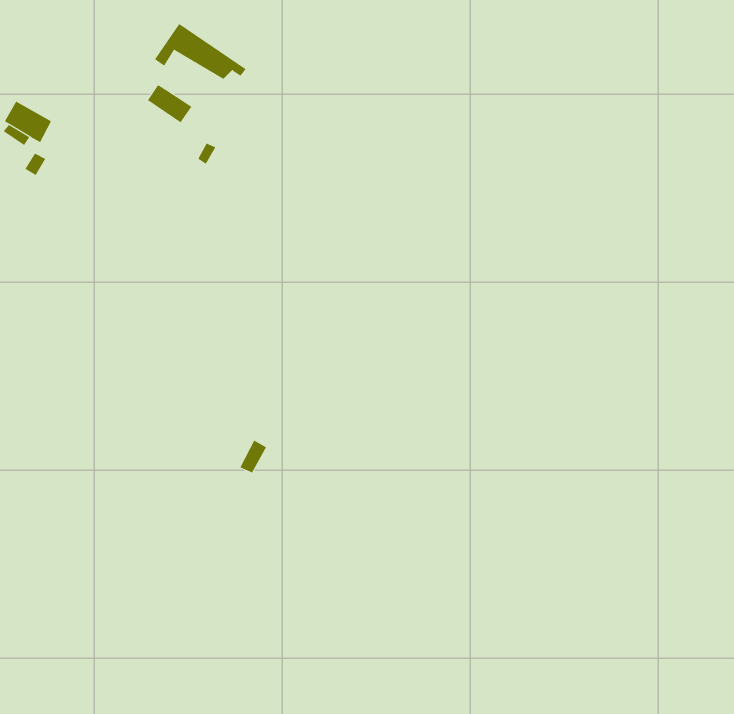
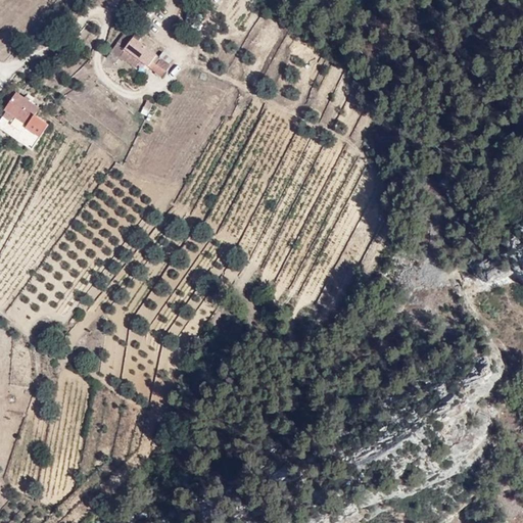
building: [147,84,192,123] -> none

